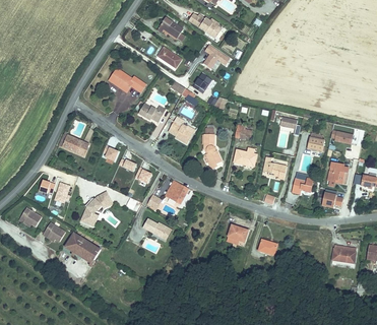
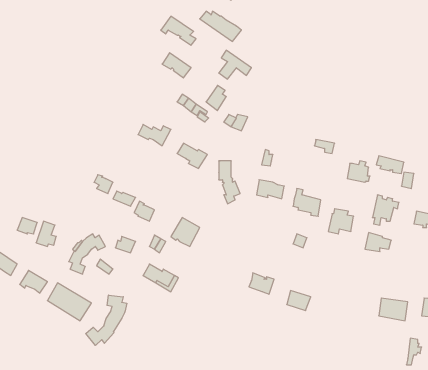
building: [110,68,145,91] -> none
building: [58,131,88,155] -> none
building: none -> [86,295,127,345]

